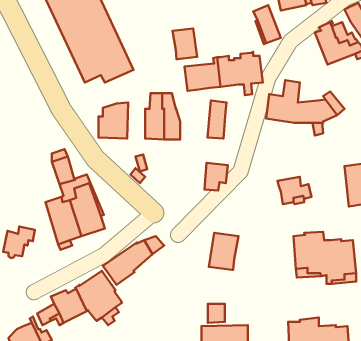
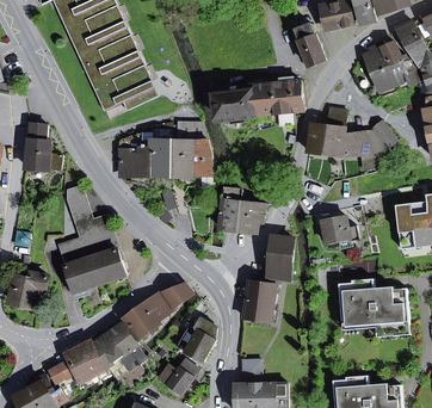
building: [173,29,197,59] -> none
building: none -> [25,123,61,169]
building: none -> [150,129,171,173]
building: [208,100,227,139] -> [220,187,241,230]
building: none -> [267,237,292,279]
building: none -> [175,316,216,361]
building: none -> [158,359,197,391]

